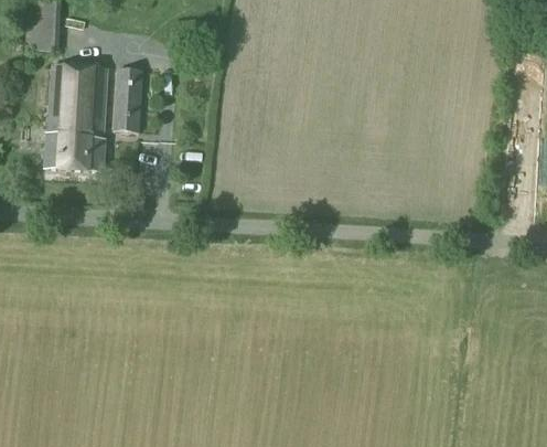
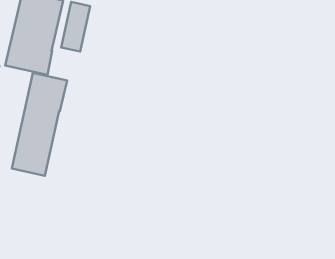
building: none -> [12,73,67,176]

